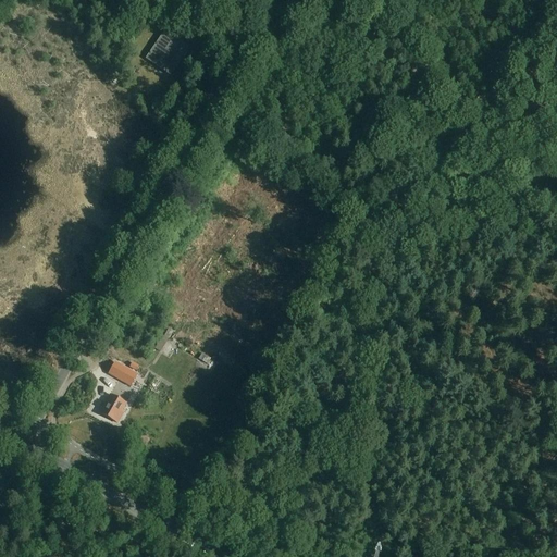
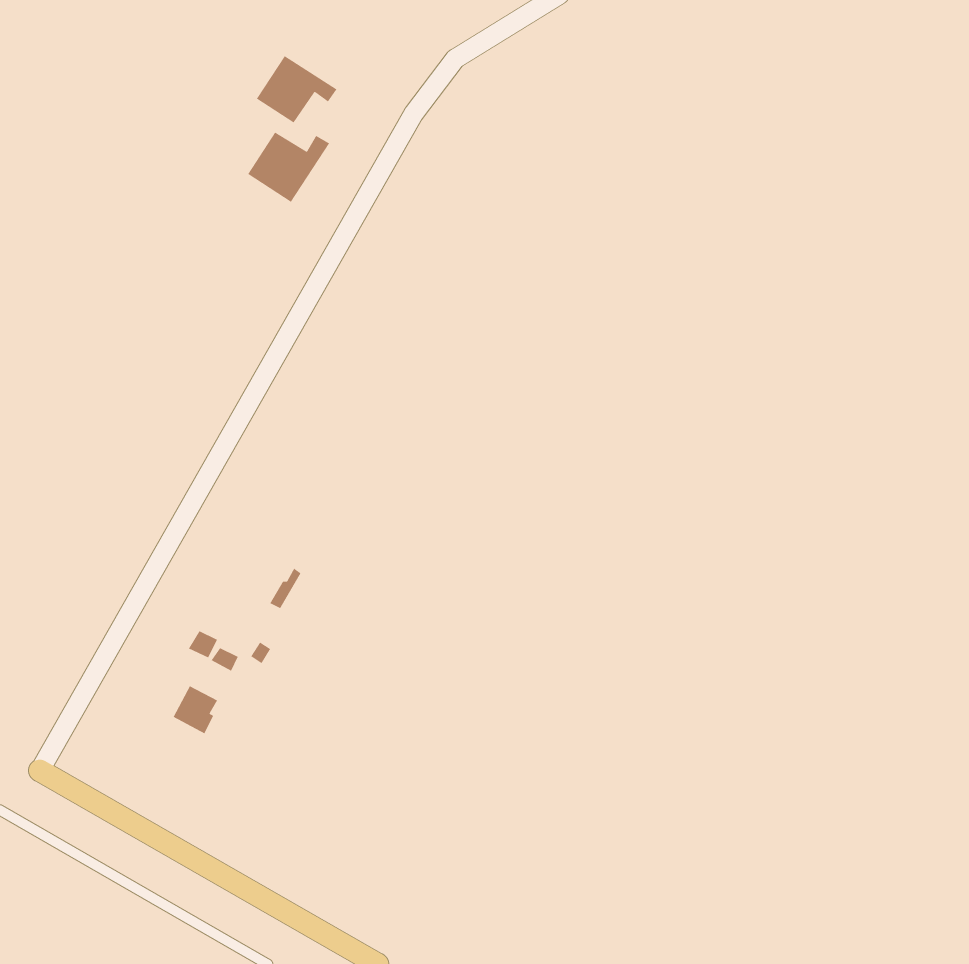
building: none -> [247,131,330,203]

